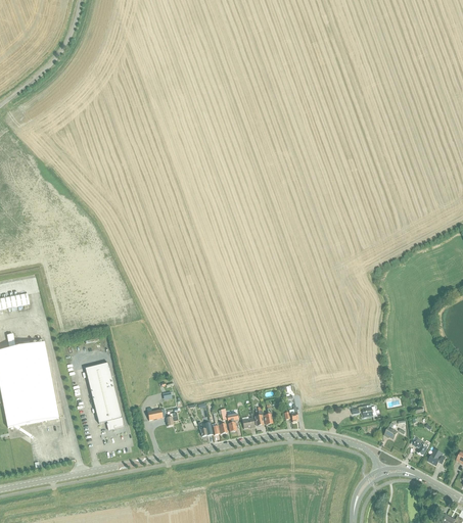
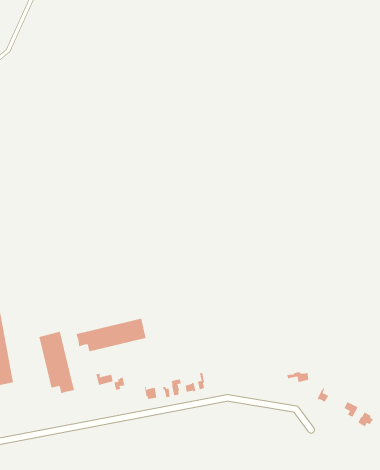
building: none -> [76,318,146,352]

